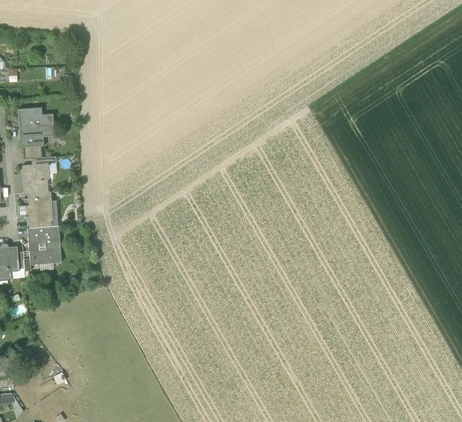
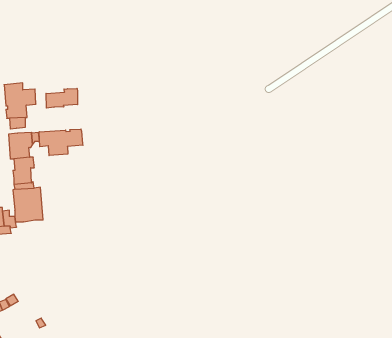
building: none -> [46,88,78,108]
building: none -> [39,129,83,156]

